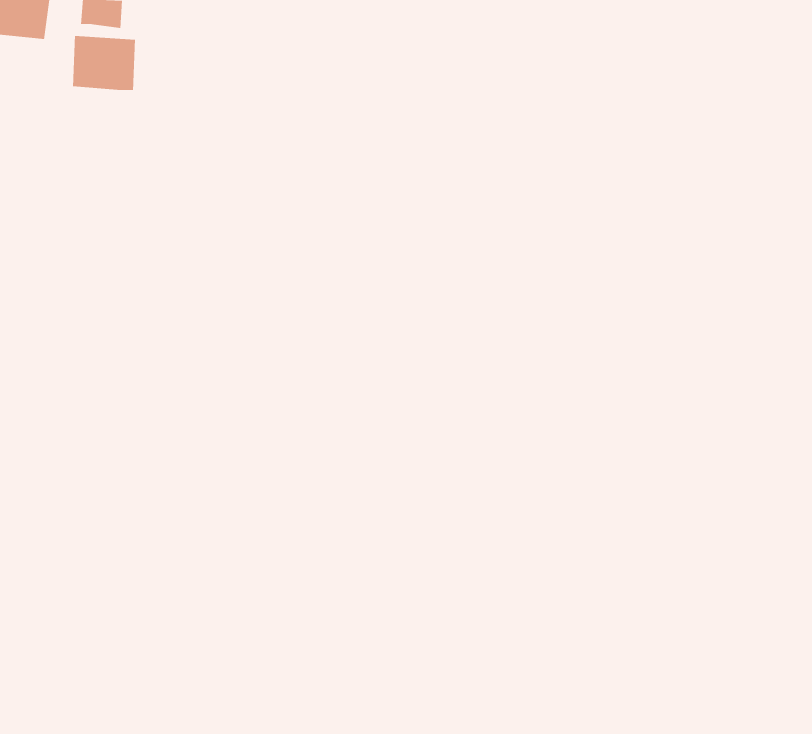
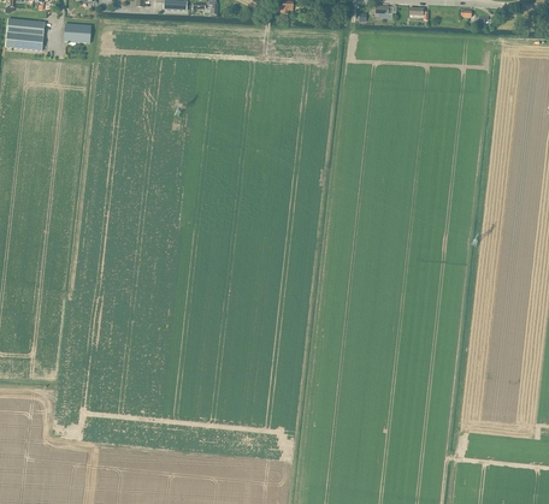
building: [72,35,136,91] -> none

